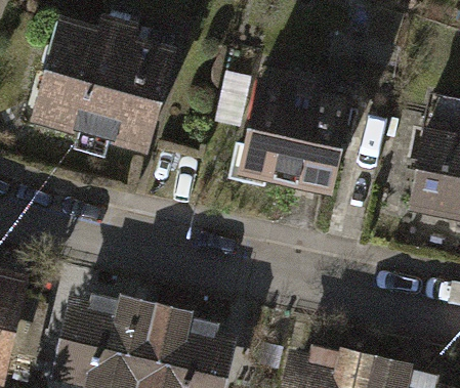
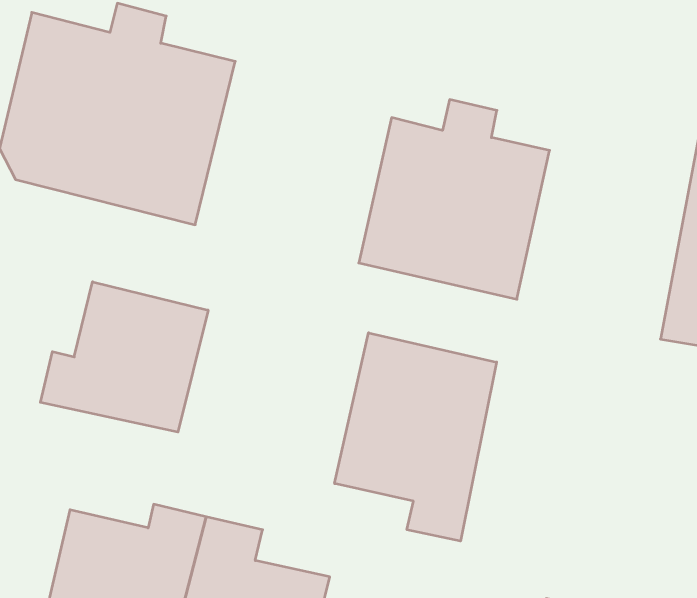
building: none -> [40,282,208,432]
building: none -> [335,333,497,541]

